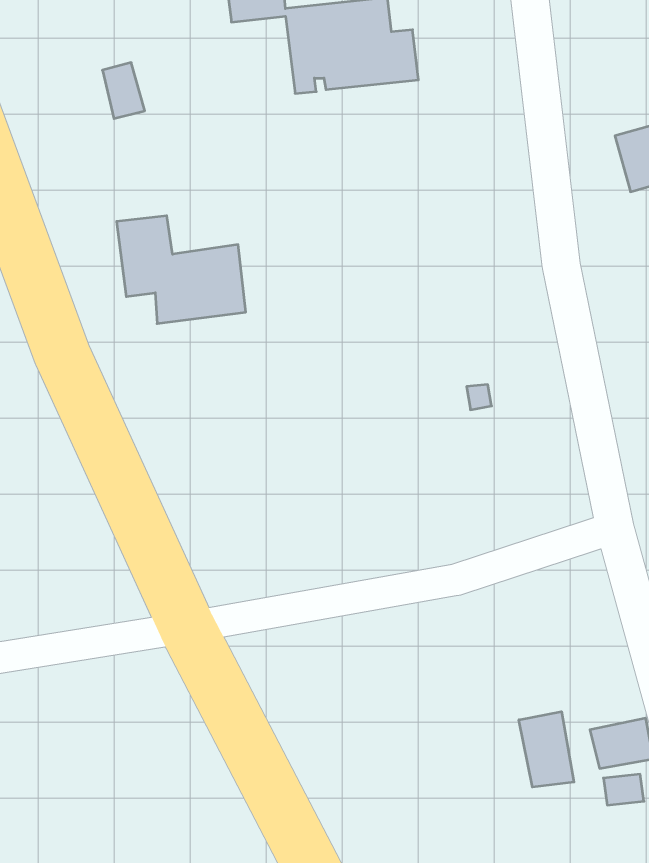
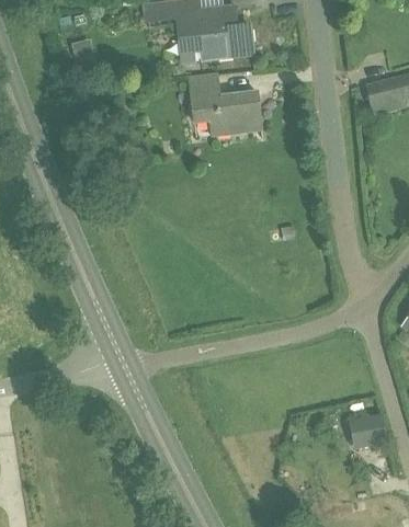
building: [117,216,246,324] -> [188,73,261,135]
building: [519,712,574,787] -> none

